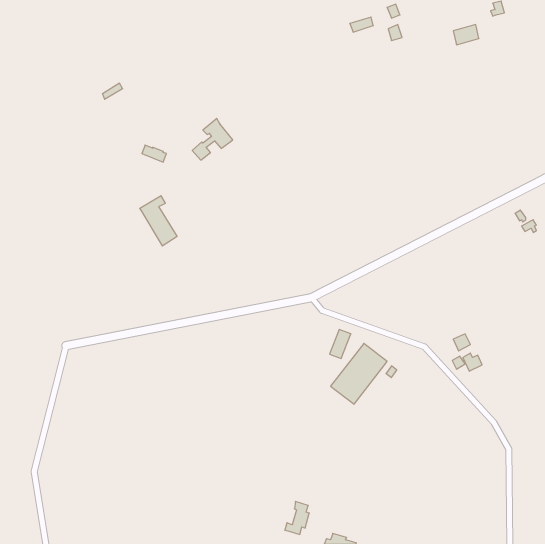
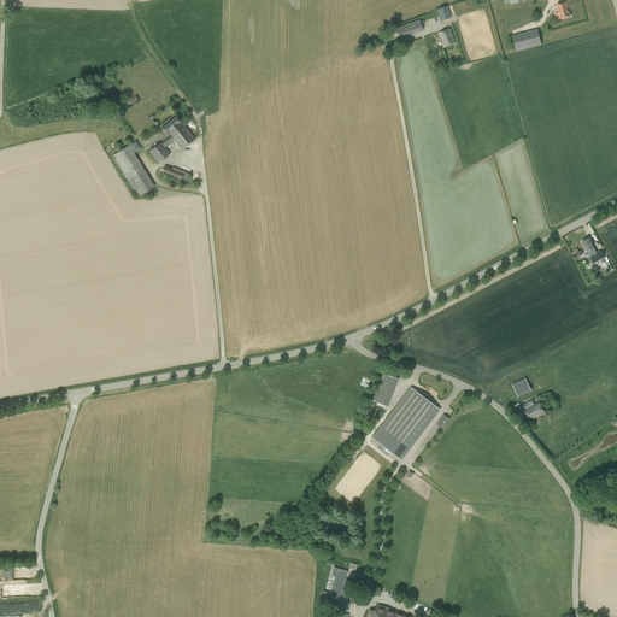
building: [192,118,233,160] -> [149,114,195,161]
building: [140,196,177,246] -> [112,140,154,196]

